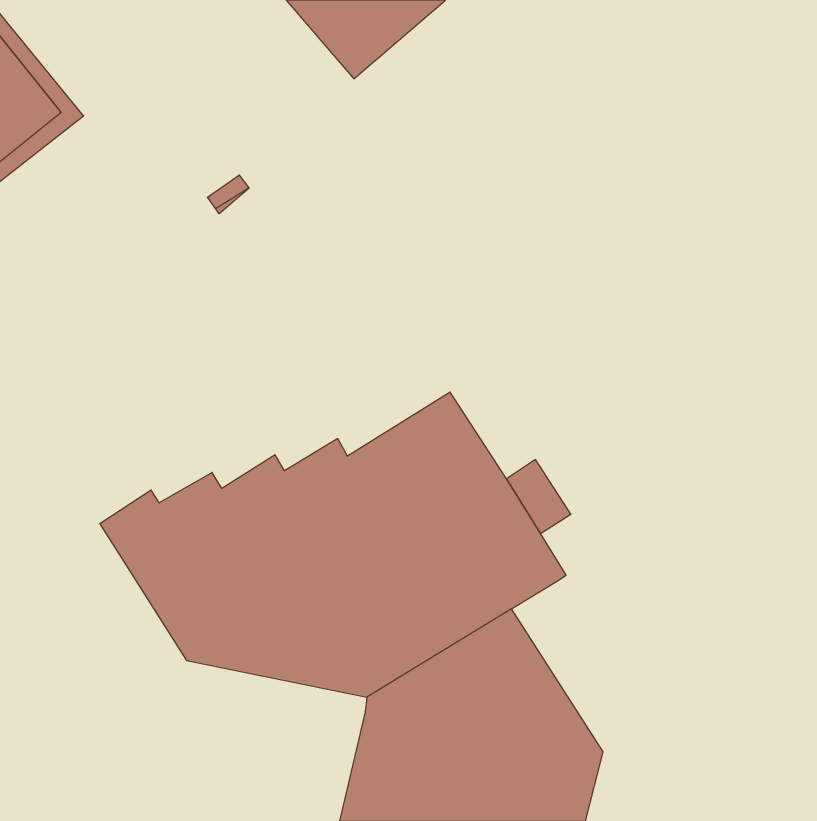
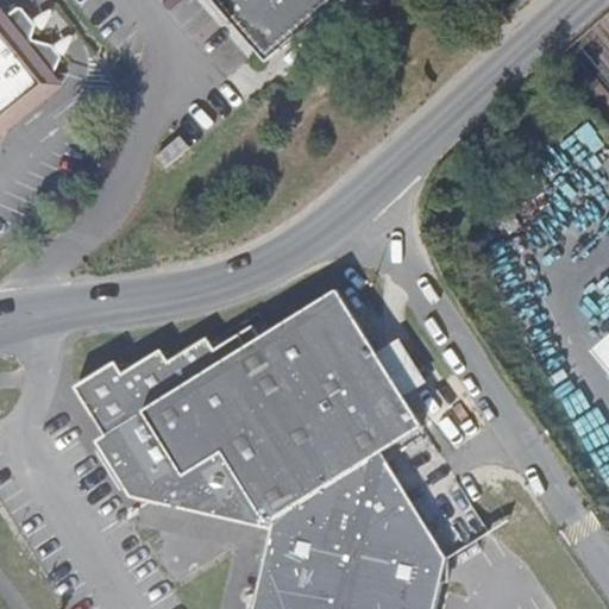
building: none -> [95,437,271,527]

